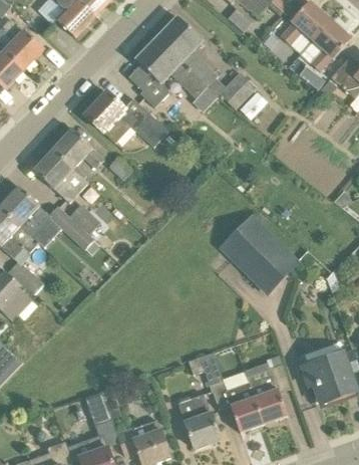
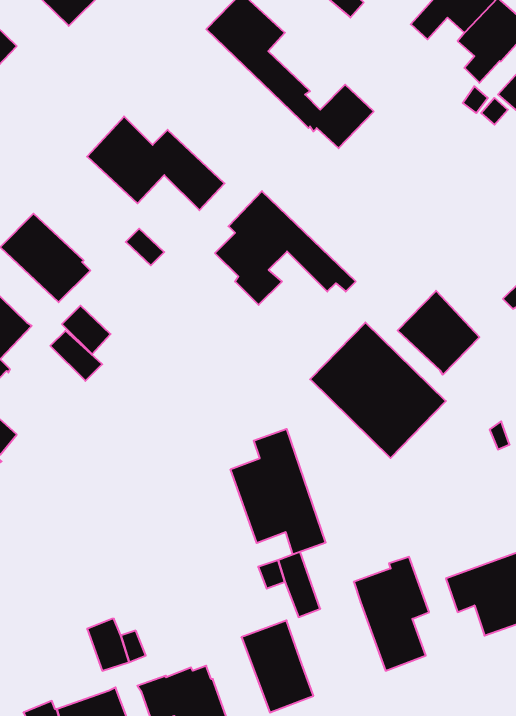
building: [127,38,212,106] -> [215,191,356,305]
building: [52,128,103,177] -> none
building: none -> [398,291,479,375]
building: none -> [231,429,326,554]
building: [224,382,263,432] -> none

